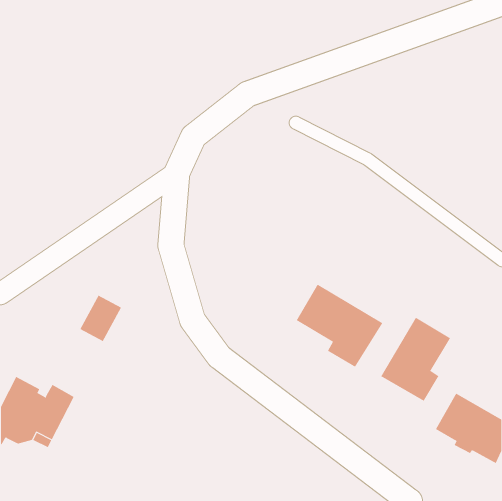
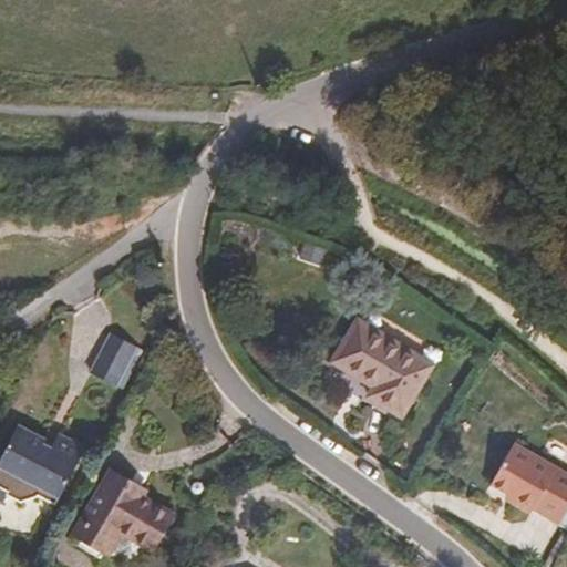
building: [380,317,451,401] -> none
building: none -> [80,475,168,548]

